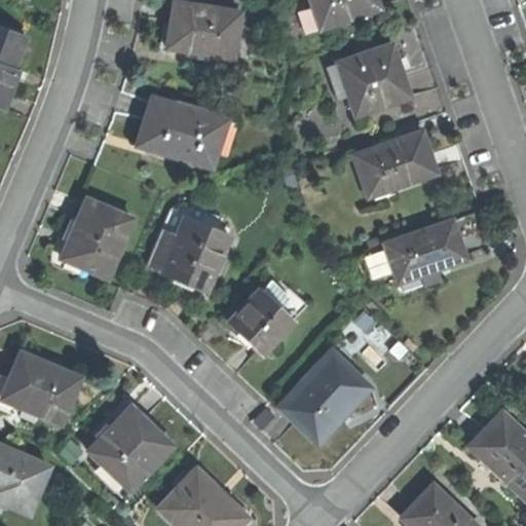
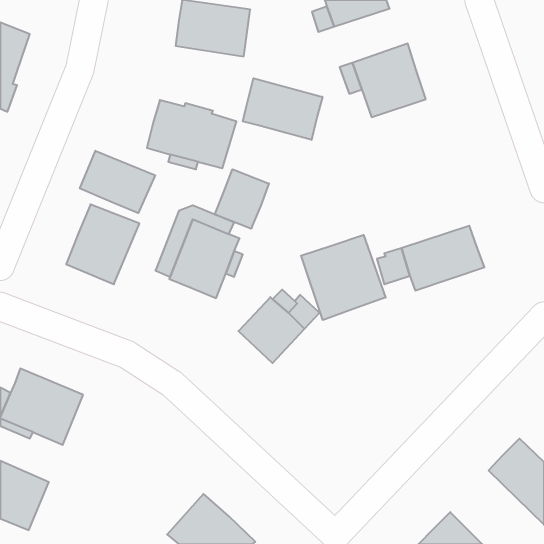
building: none -> [243,78,322,140]
building: [355,130,437,194] -> none
building: none -> [80,151,155,213]
building: none -> [215,169,269,229]
building: none -> [301,235,386,320]
building: [281,350,370,439] -> none
building: [87,412,171,495] -> none

